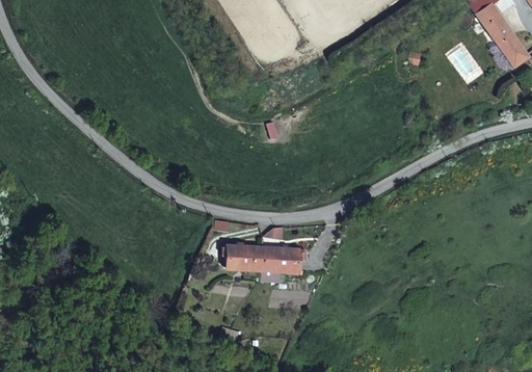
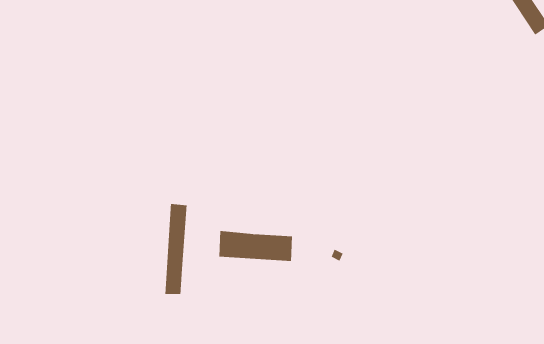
building: none -> [165,203,187,295]

